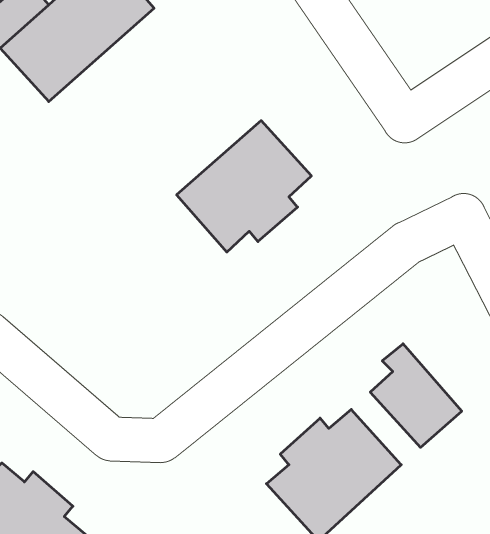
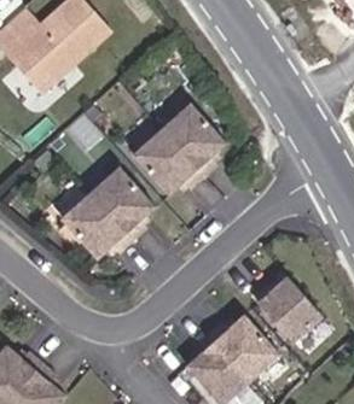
building: none -> [54,171,149,263]

